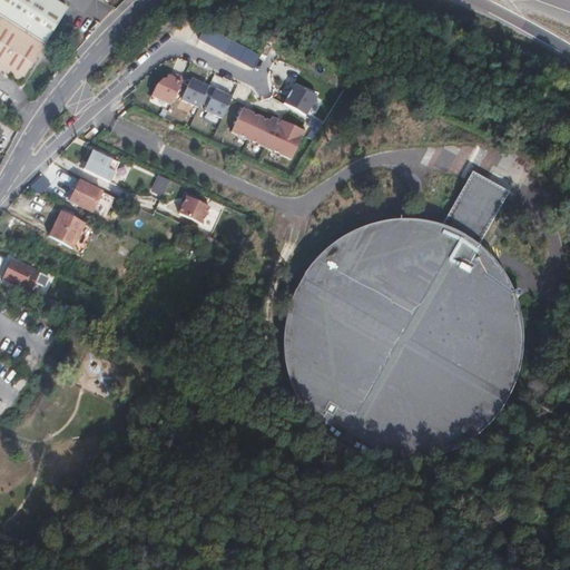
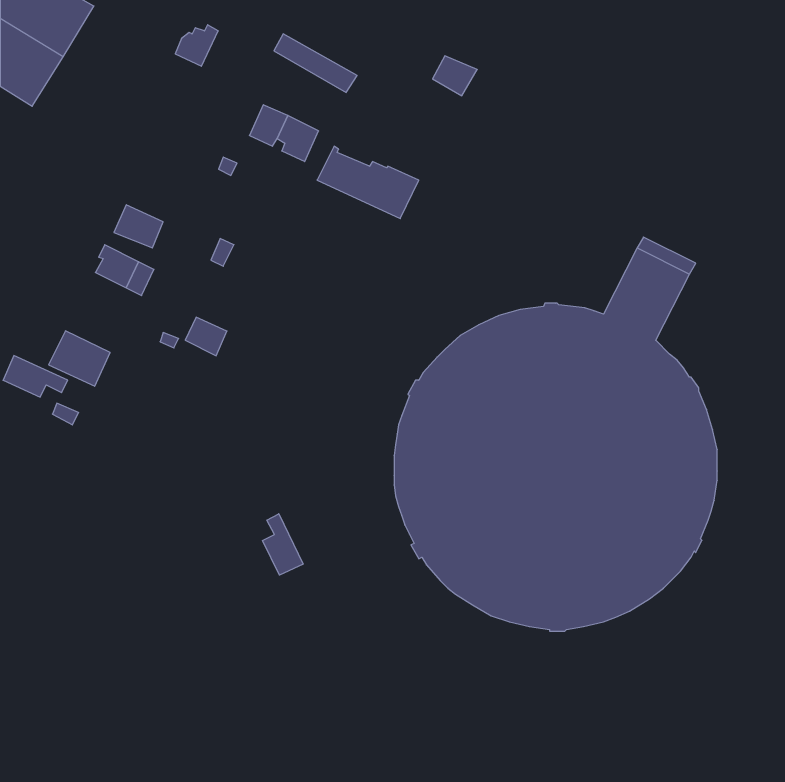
building: [153,72,184,102] -> [175,25,218,66]
building: [283,86,315,115] -> [433,56,477,96]
building: [179,194,209,222] -> [185,317,227,356]
building: [50,207,95,247] -> [49,331,110,386]
building: none -> [263,514,303,575]

